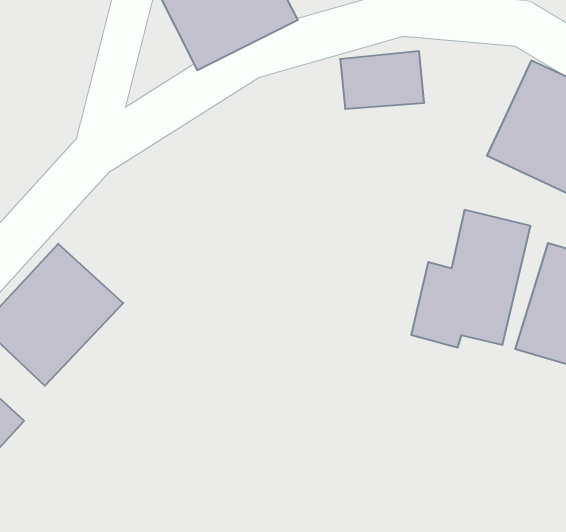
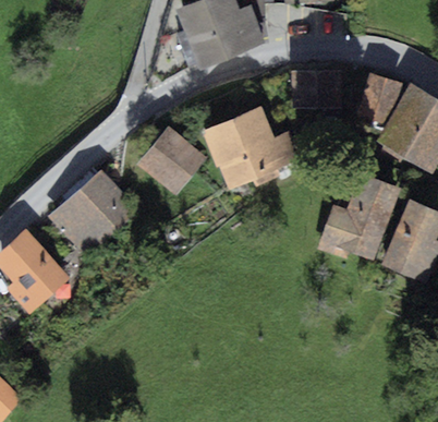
building: none -> [356,73,402,124]
building: none -> [203,107,293,188]
building: none -> [136,125,207,195]

